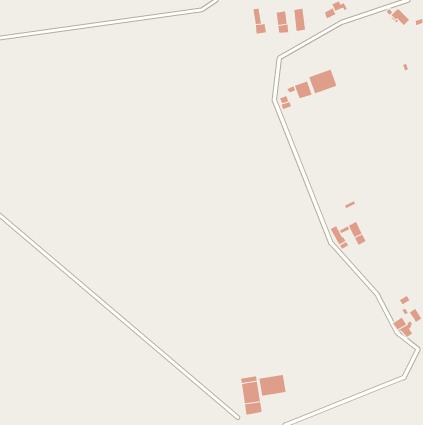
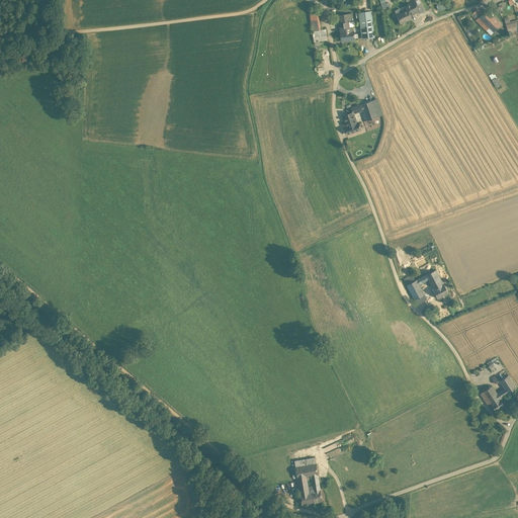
building: [309,69,337,94] -> none
building: [259,374,286,397] -> none

